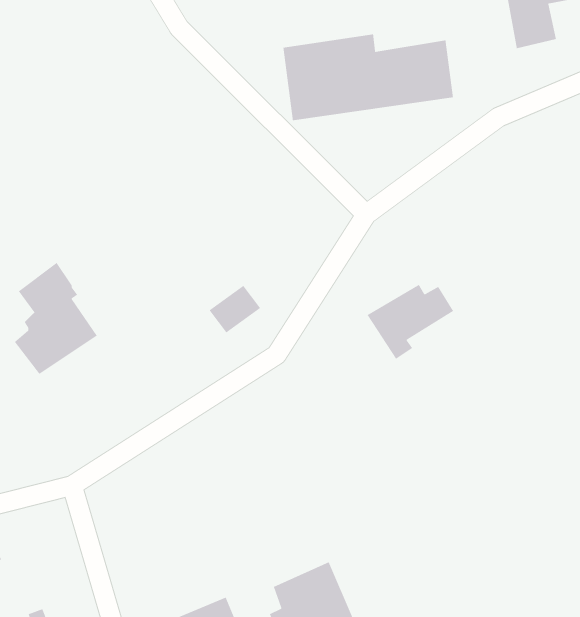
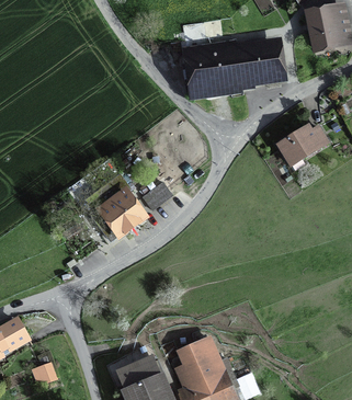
building: [14,262,98,375] -> [96,176,144,240]
building: [367,284,454,360] -> [279,127,328,170]

